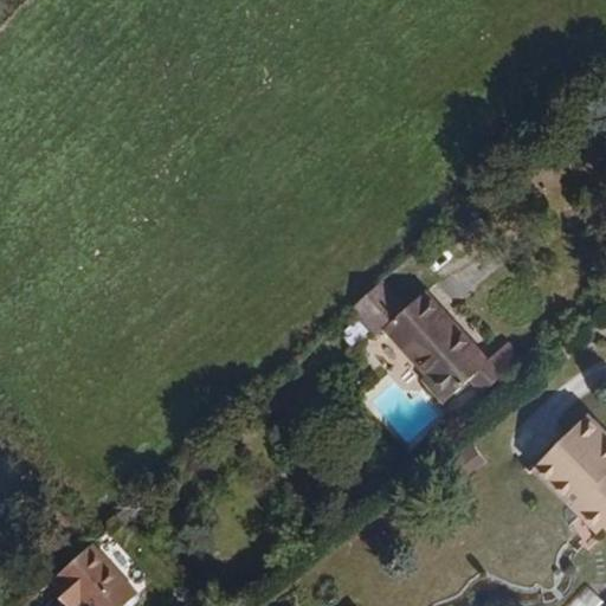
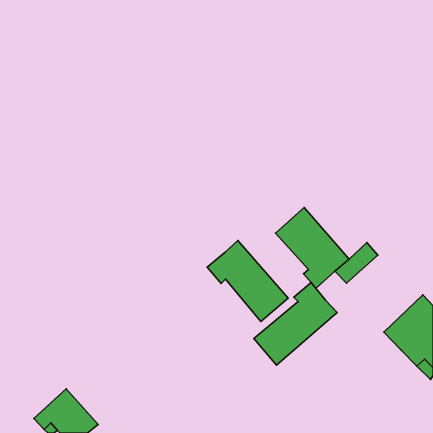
building: none -> [207,240,288,321]
building: none -> [254,282,337,365]

